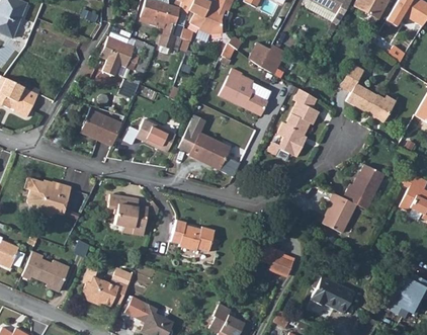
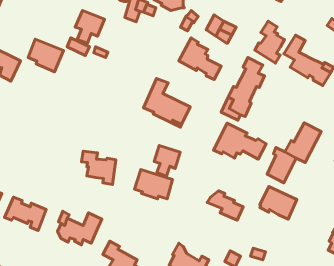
building: none -> [255,21,285,63]
building: [82,110,122,148] -> [28,39,63,72]
building: [136,120,176,154] -> none
building: none -> [214,123,266,159]
building: [25,178,70,218] -> none
building: none -> [154,145,180,176]
building: [310,276,352,314] -> [260,186,297,219]

